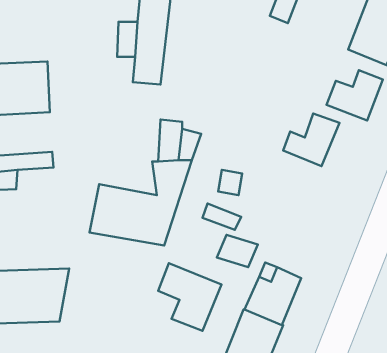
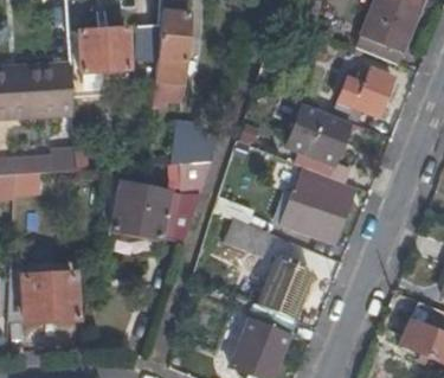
building: none -> [77,26,128,72]
building: none -> [277,177,354,244]
building: [158,263,221,331] -> none

